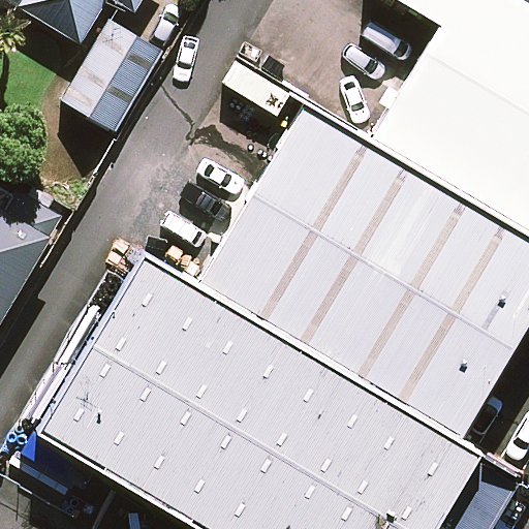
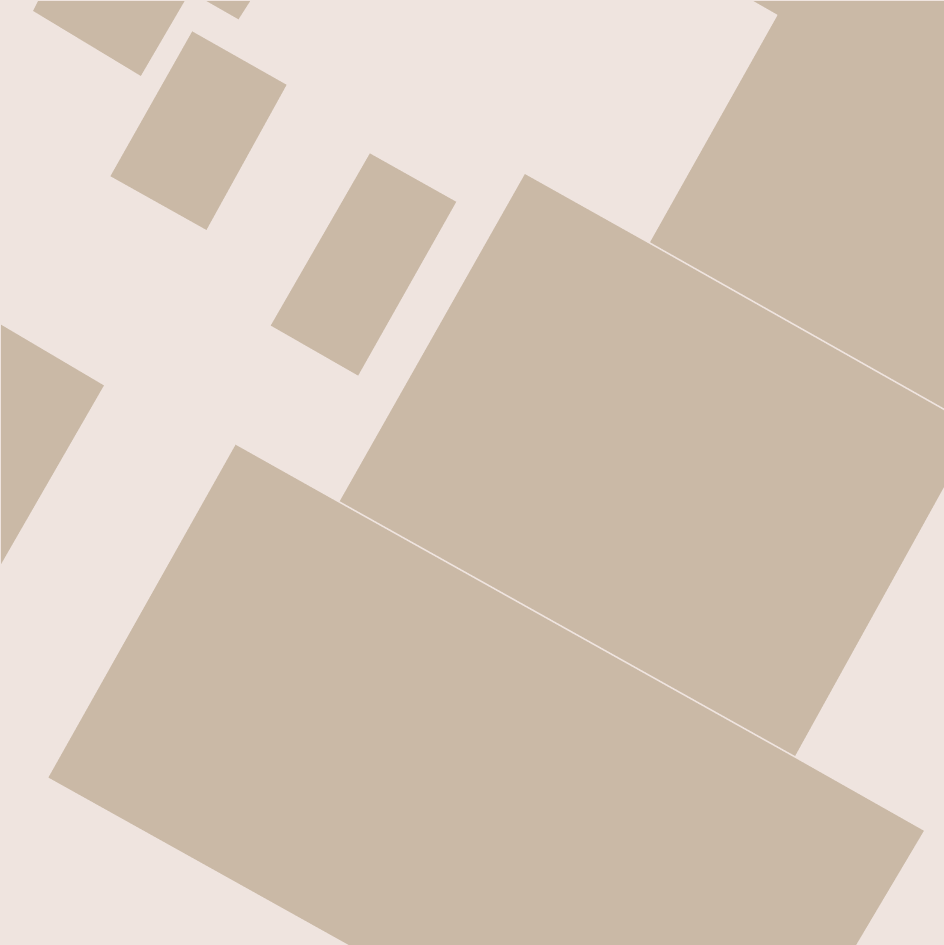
building: none -> [270,152,457,377]

